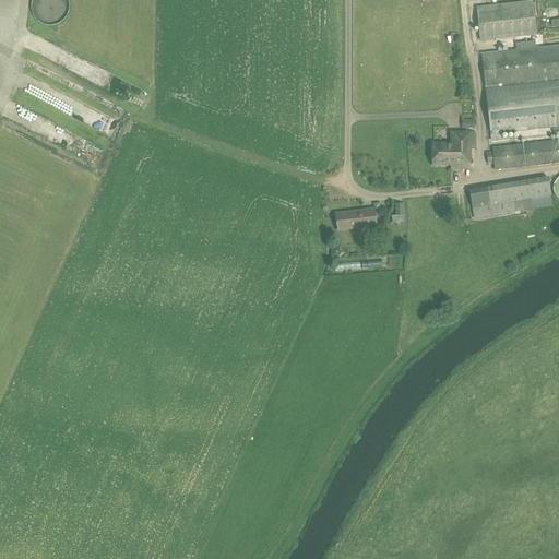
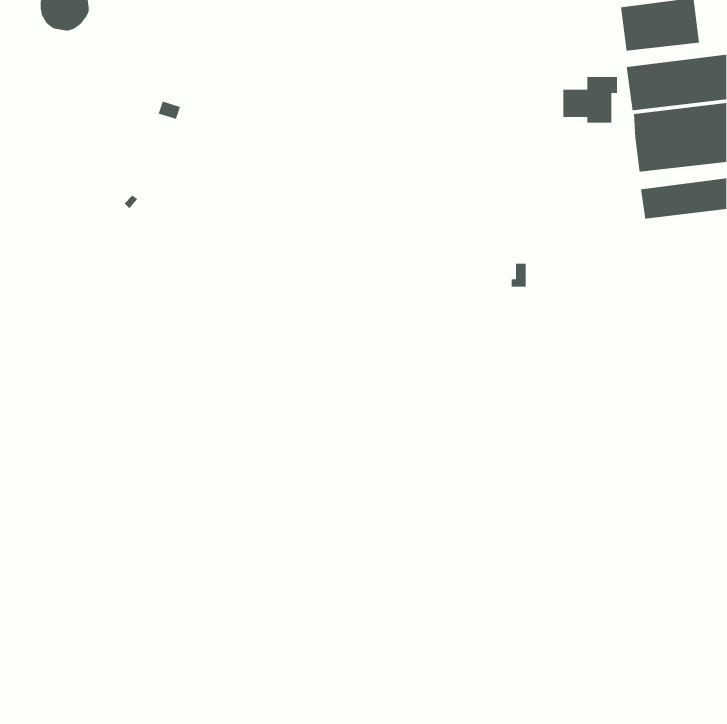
building: [432,131,475,167] -> [562,76,618,123]
building: [468,175,552,217] -> none
building: [335,209,377,228] -> none

